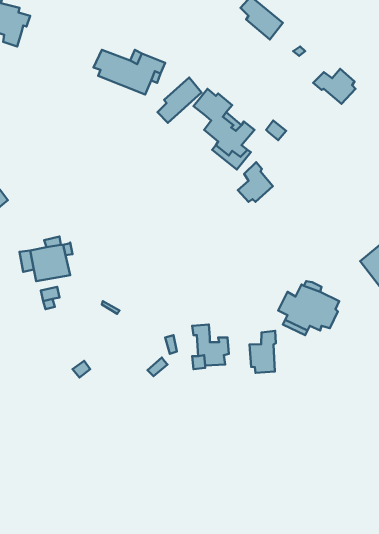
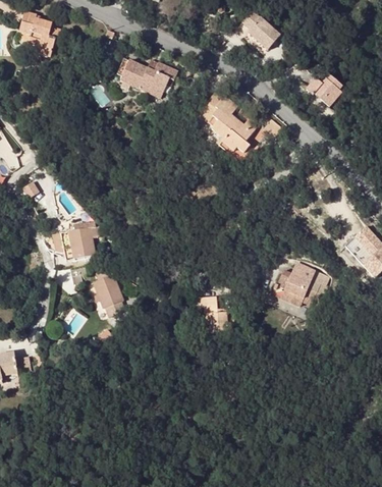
building: [158,77,202,123] -> none
building: [238,162,273,202] -> none
building: none -> [92,266,123,315]
building: [249,331,276,373] -> none

